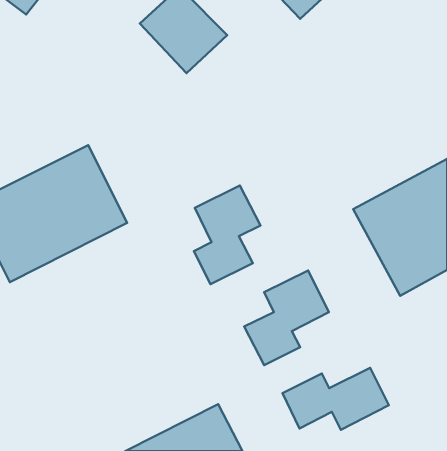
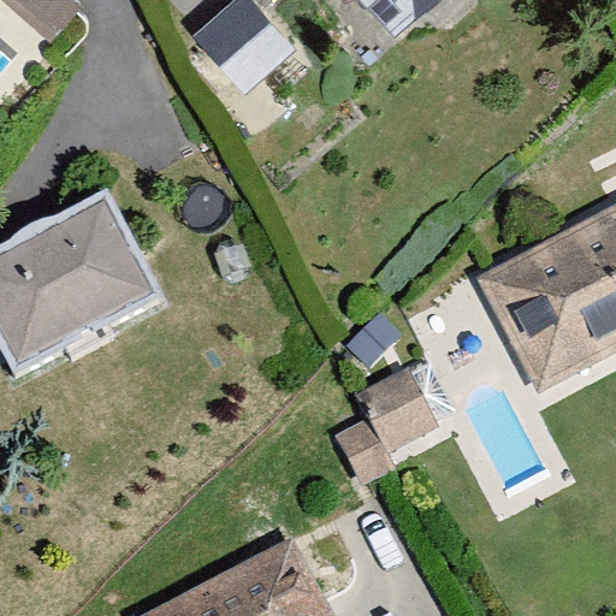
building: [194,185,260,284] -> none
building: [282,368,389,430] -> none

